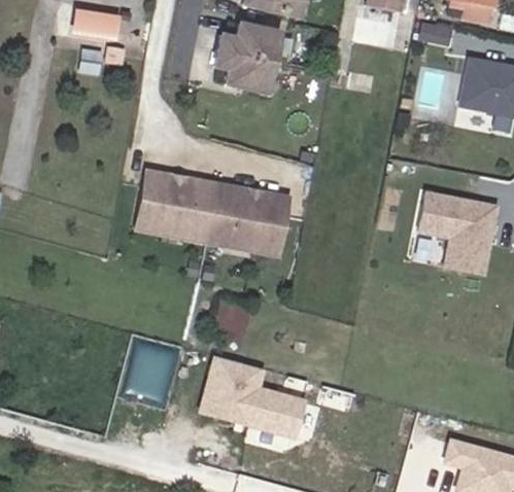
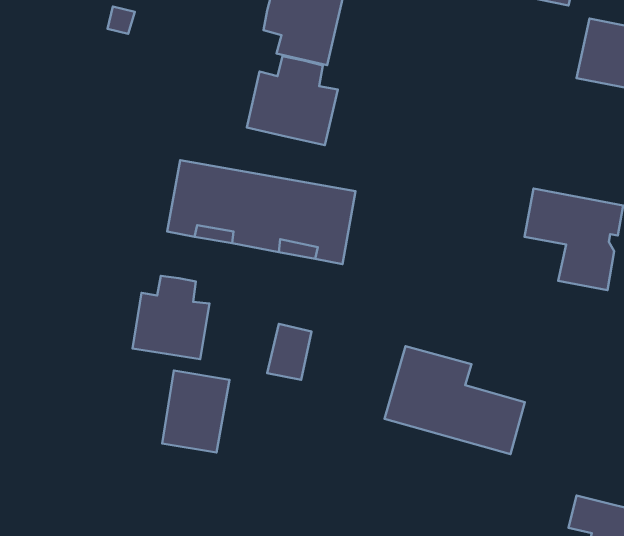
building: none -> [247,56,338,145]
building: none -> [132,276,209,359]
building: [206,352,317,437] -> [385,346,525,454]

